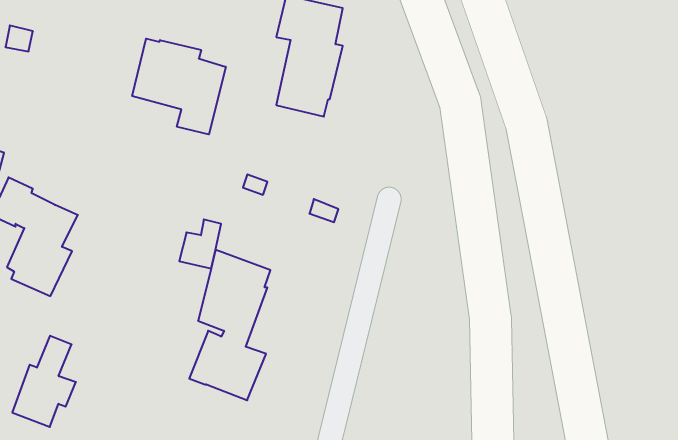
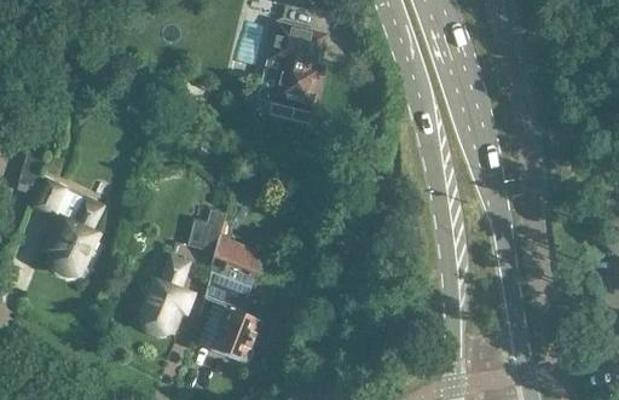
building: [132,39,226,134] -> none
building: [12,336,76,427] -> [138,256,191,332]

